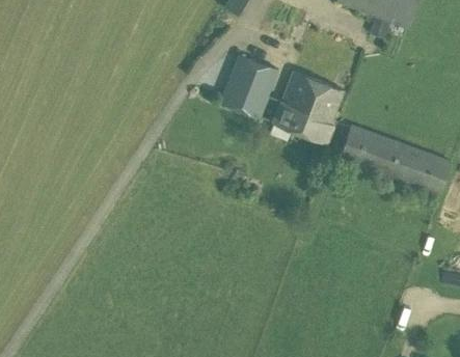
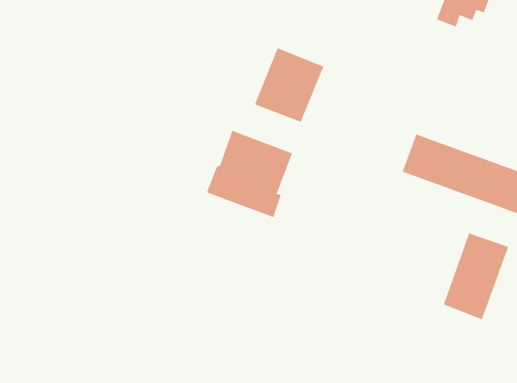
building: [273,73,344,144] -> [206,130,293,218]
building: none -> [443,232,509,320]

